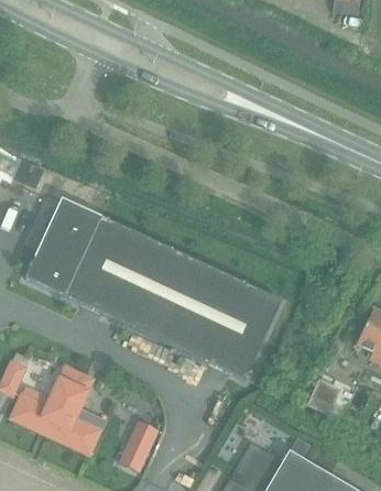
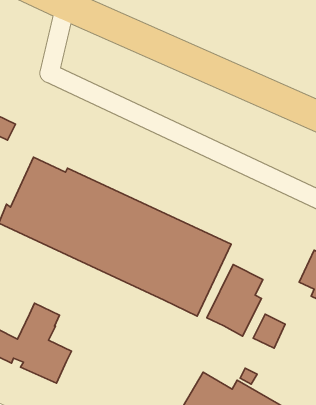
building: none -> [207,265,263,336]
building: [119,428,154,470] -> none

